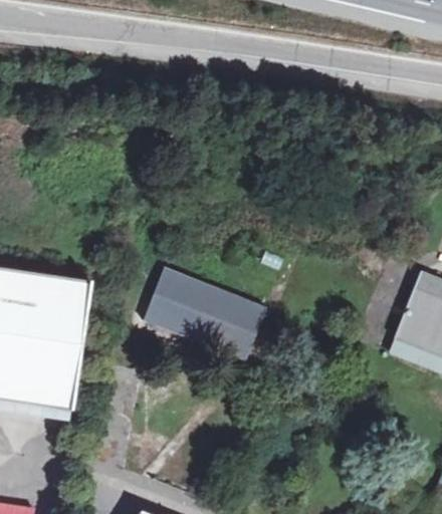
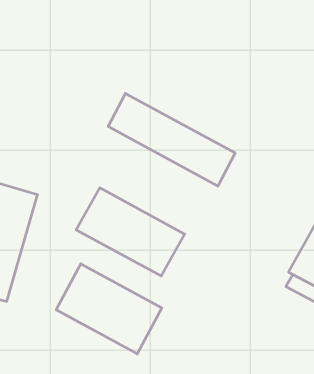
building: none -> [108,93,235,186]
building: none -> [56,264,162,354]

